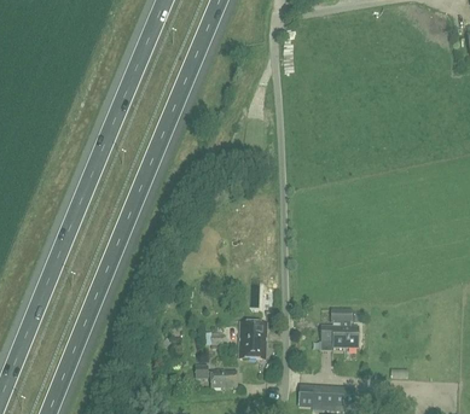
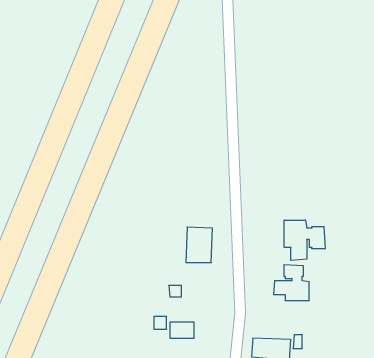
building: none -> [284,220,325,260]
building: [239,320,267,357] -> [186,227,212,263]

